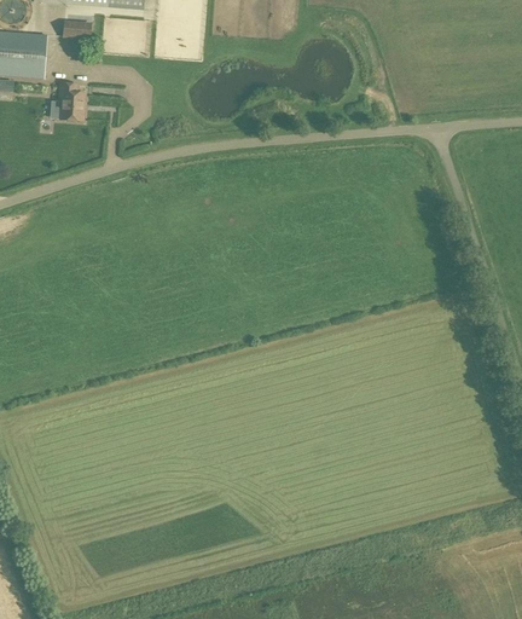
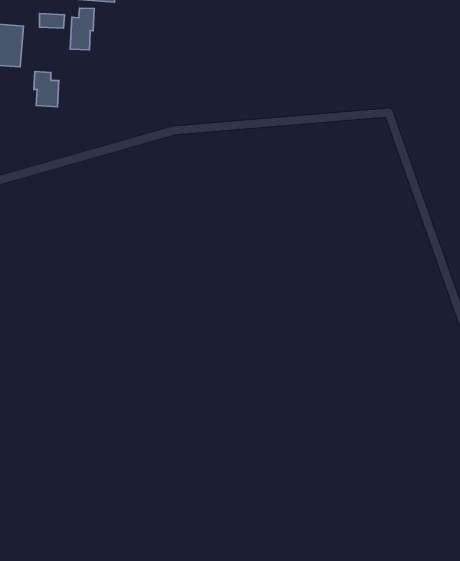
building: none -> [70,8,94,50]

